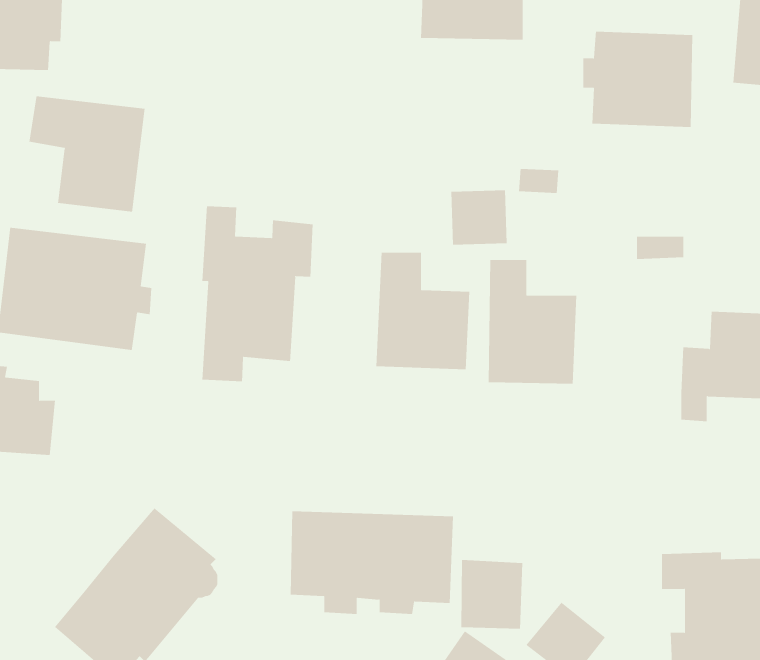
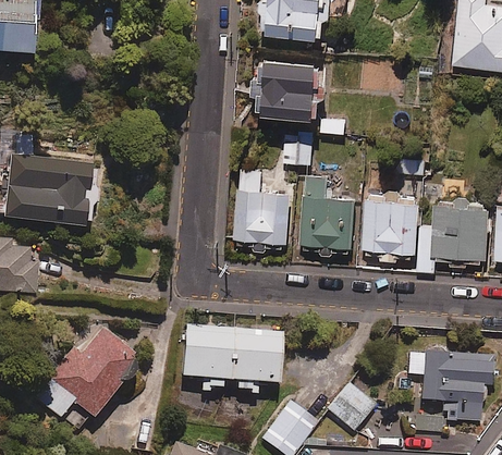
building: [583,31,693,127] -> [253,61,320,120]
building: [29,95,145,212] -> none
building: [202,205,313,382] -> none
building: none -> [364,198,424,254]
building: [461,559,523,629] -> none

